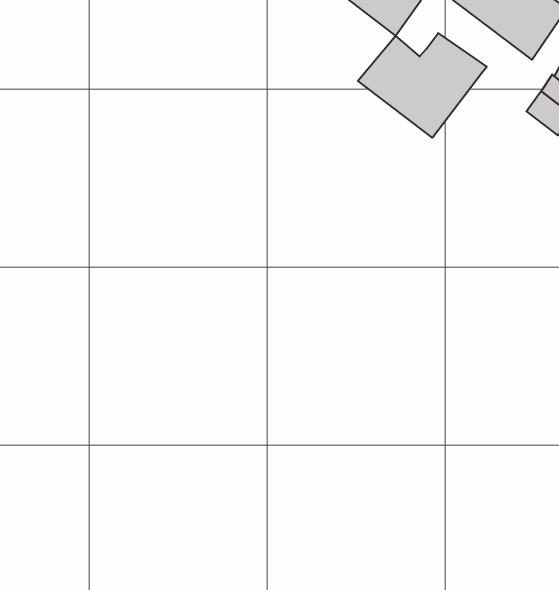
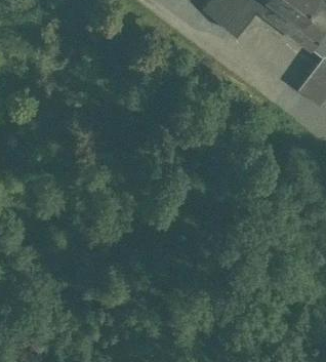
building: [358,33,487,138] -> none

